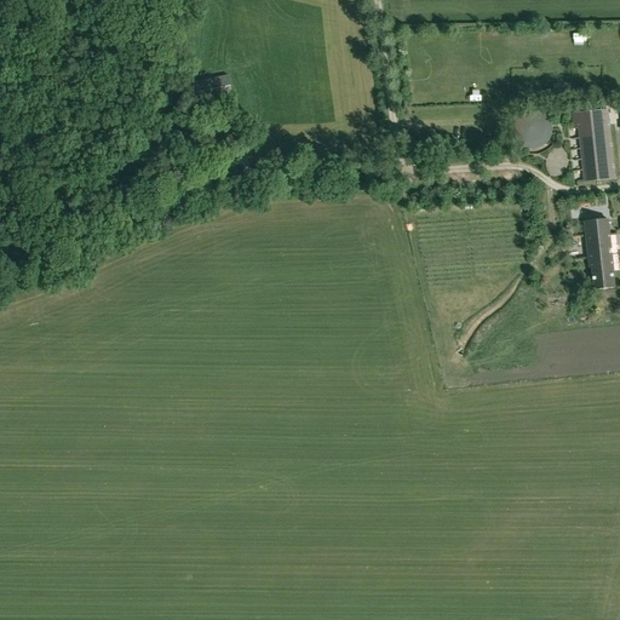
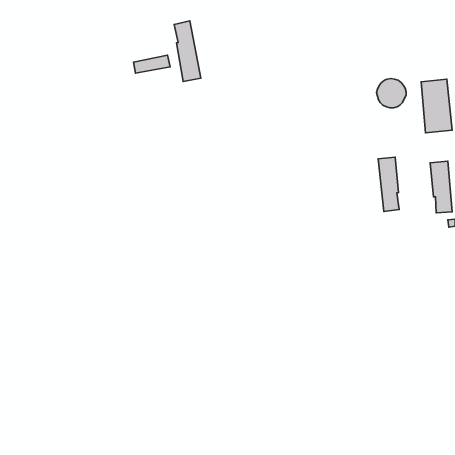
building: none -> [174,21,201,81]
building: none -> [378,157,399,212]

